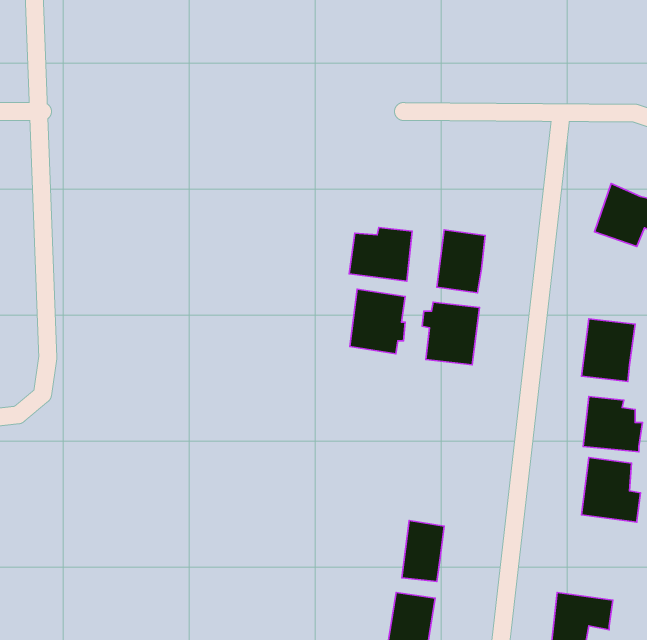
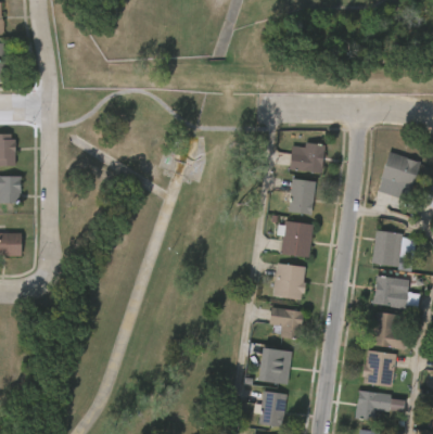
building: [349,228,412,281] -> [289,142,326,174]
building: [350,289,405,354] -> [273,263,306,301]
building: none -> [269,308,304,341]
building: none -> [361,350,397,388]

